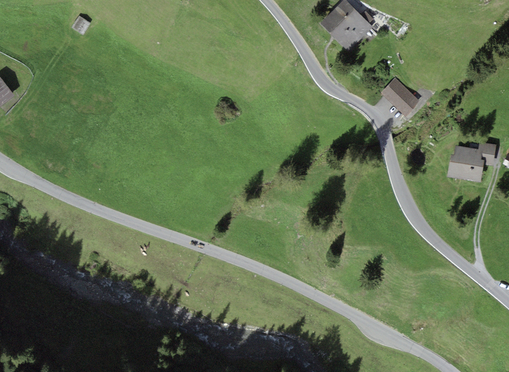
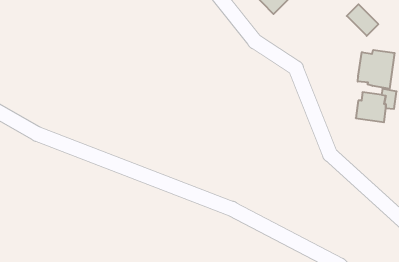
building: [381,77,419,115] -> [347,4,378,36]
building: none -> [358,50,395,89]

